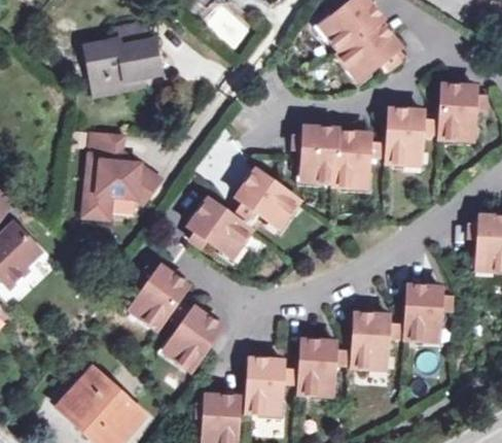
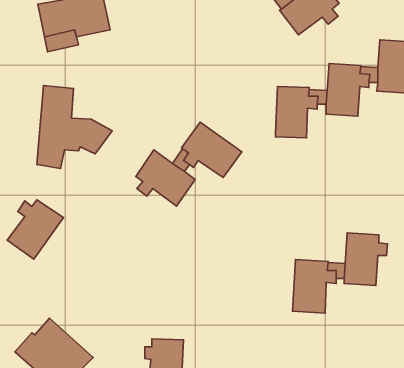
building: [293,127,335,181] -> none
building: [129,267,187,329] -> [7,200,64,259]
building: [163,308,220,370] -> none
building: [298,340,344,396] -> none
building: [246,359,291,414] -> none

